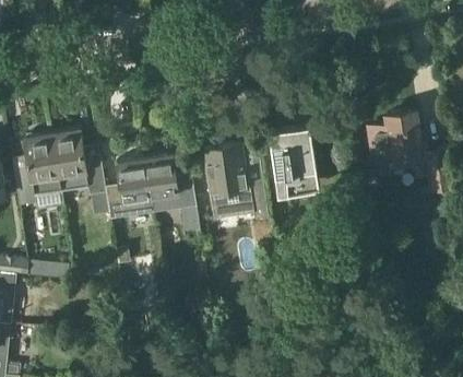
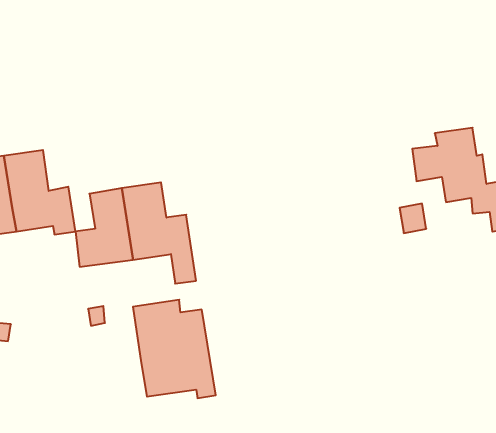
building: [266,127,319,196] -> none
building: [203,144,268,221] -> [133,300,216,398]

